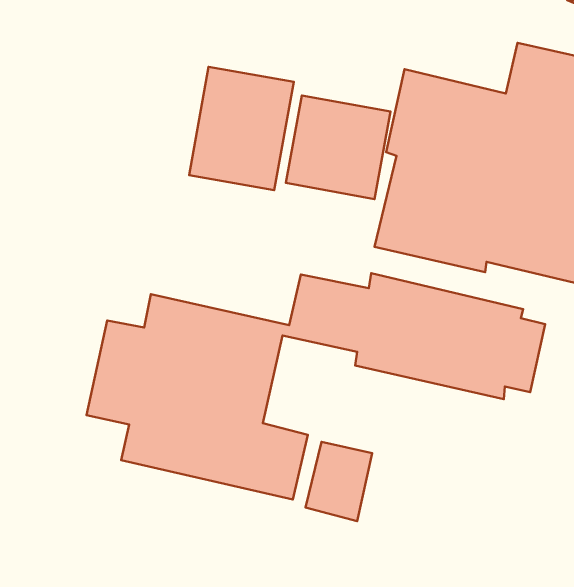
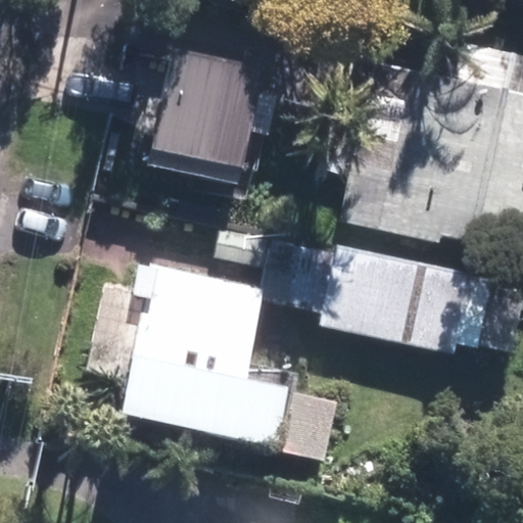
building: [286,95,391,199] -> none

